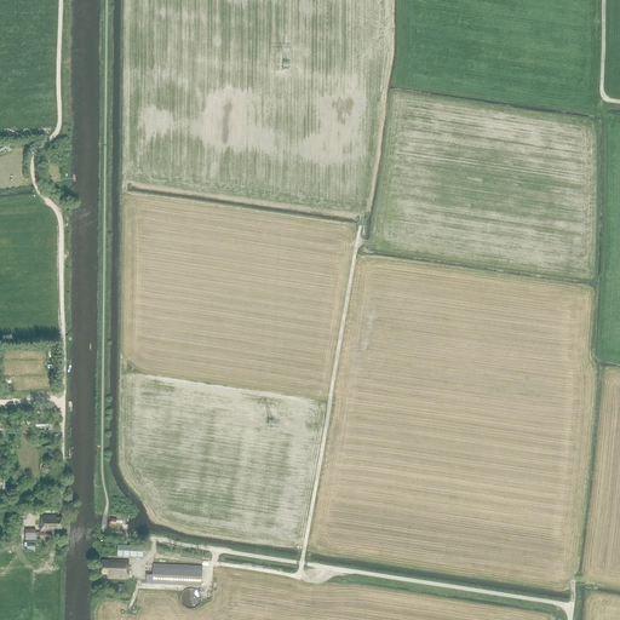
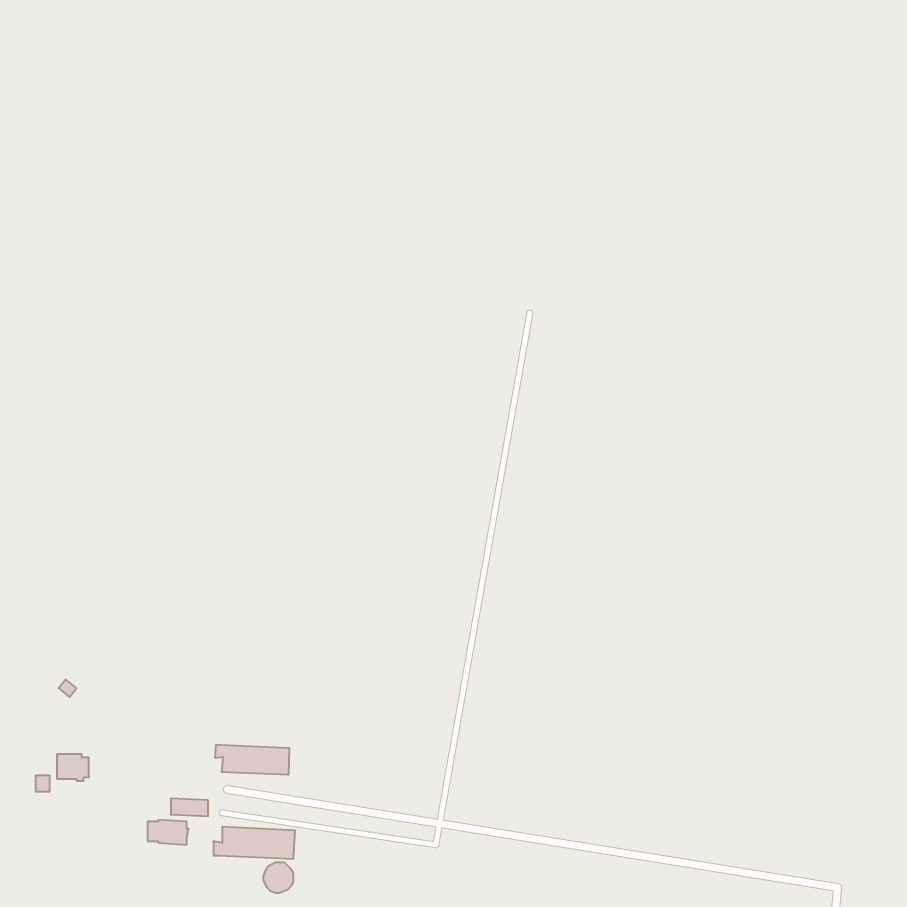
building: none -> [215,745,289,775]

